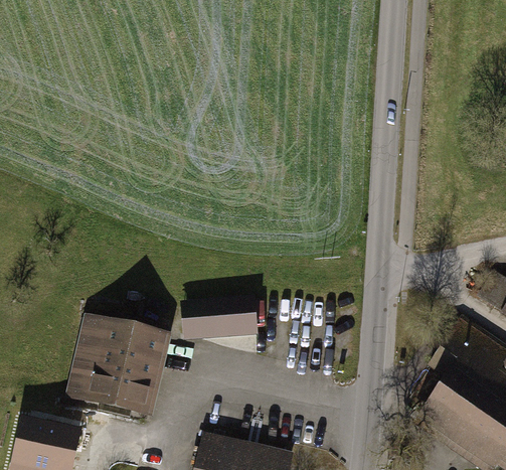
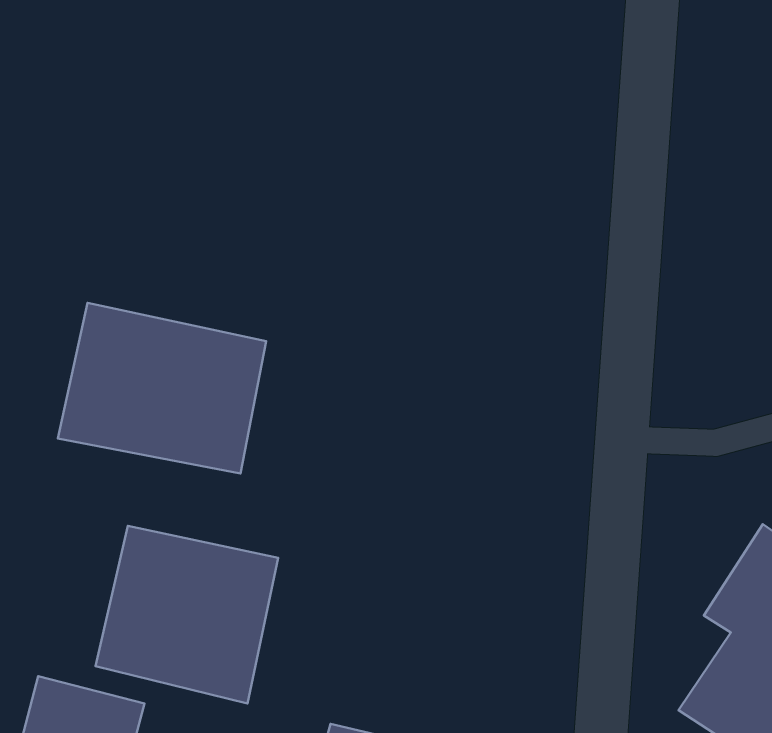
building: none -> [58,303,266,473]
building: [188,295,265,350] -> none

